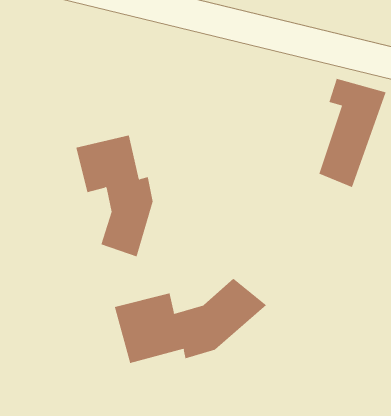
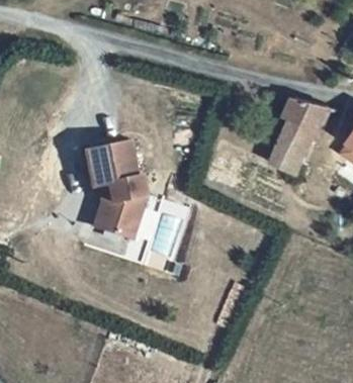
building: [114,278,267,364] -> none

